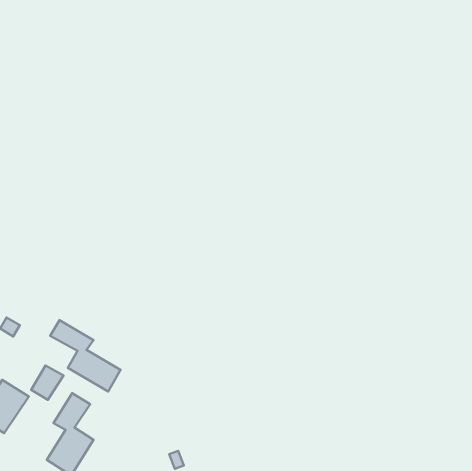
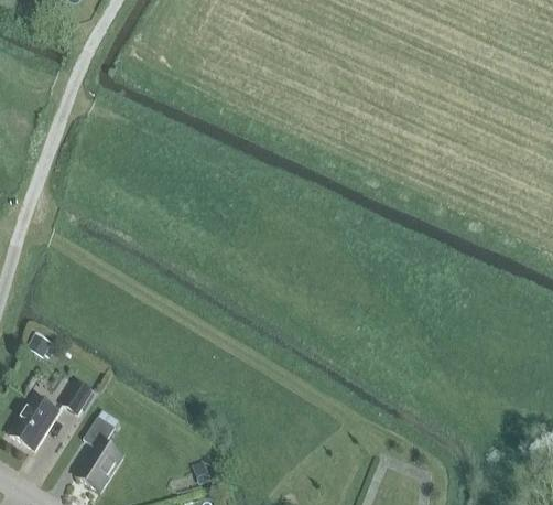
building: [50,320,121,392] -> none

